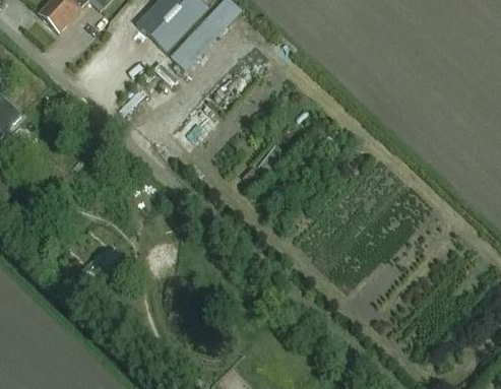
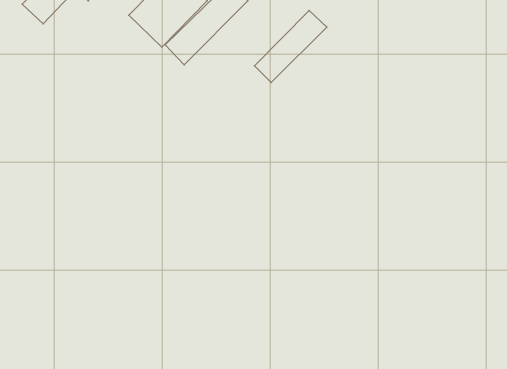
building: none -> [255,11,327,83]

